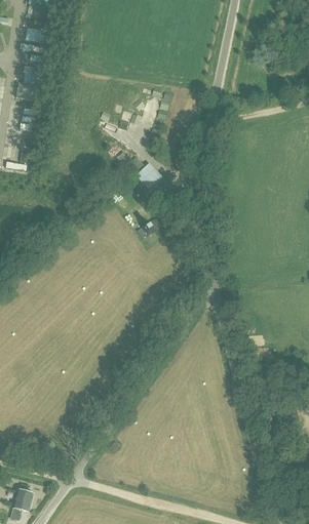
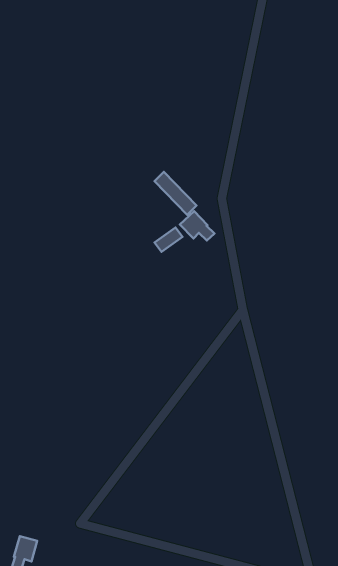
building: none -> [180,211,214,241]

